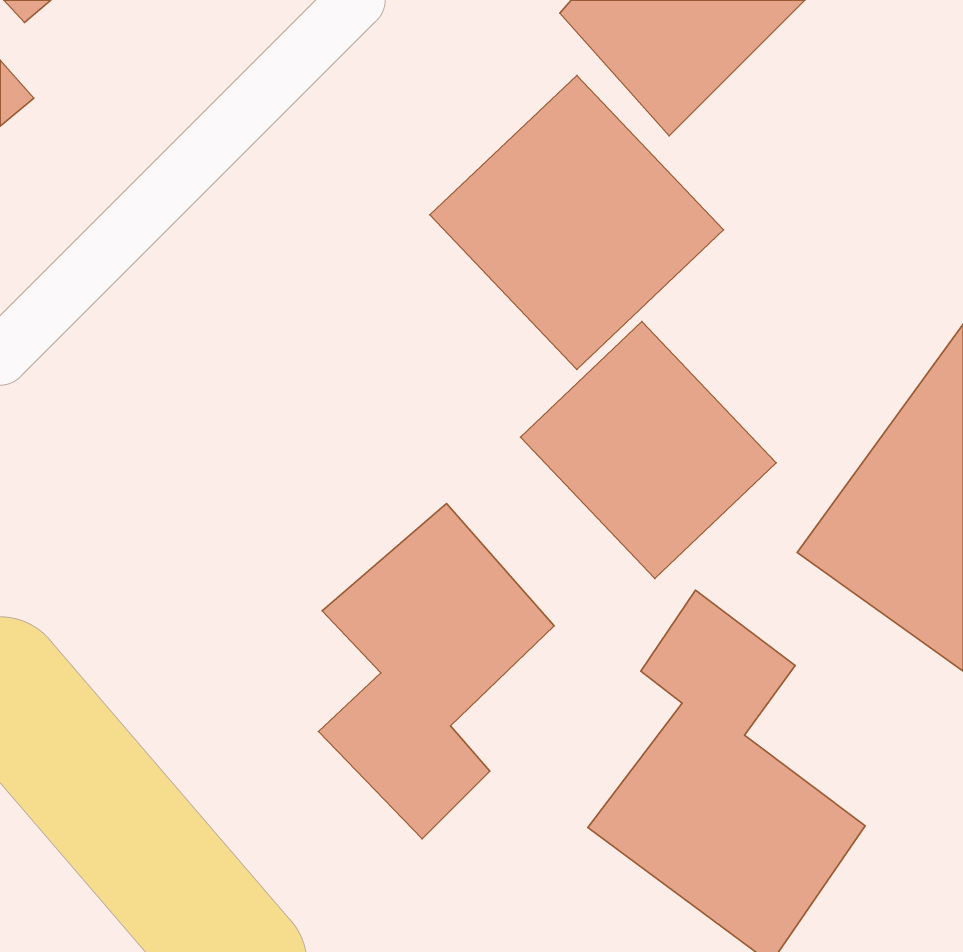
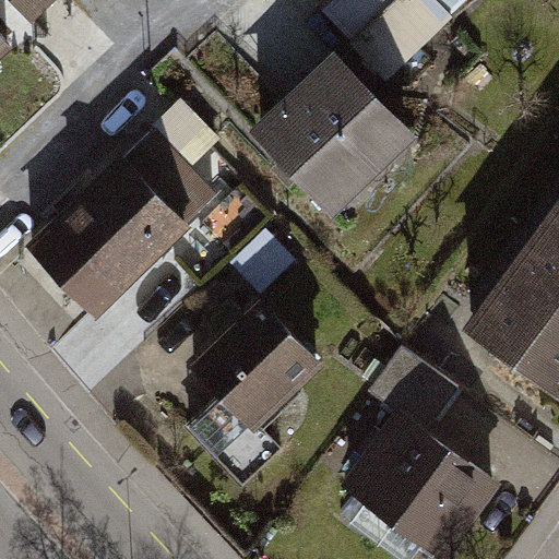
building: none -> [25,131,219,320]
building: [521,322,776,578] -> none

